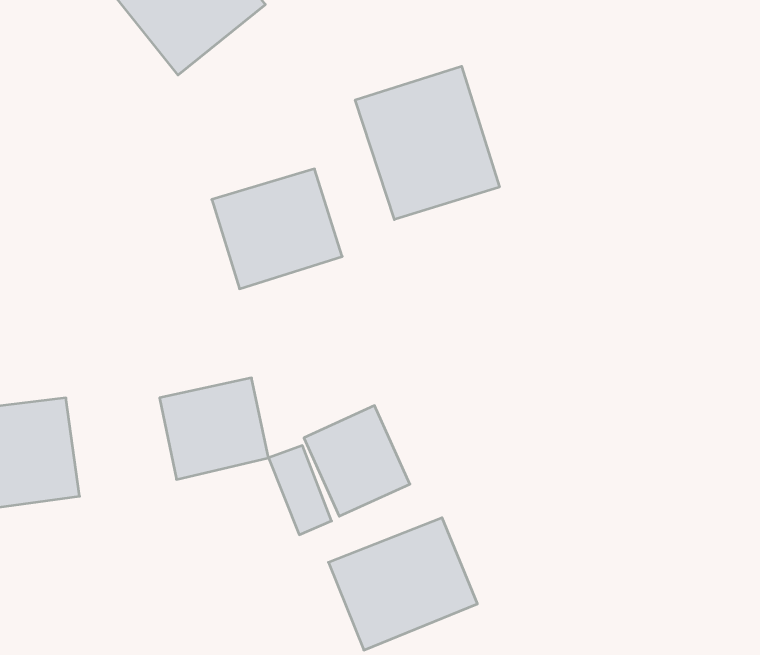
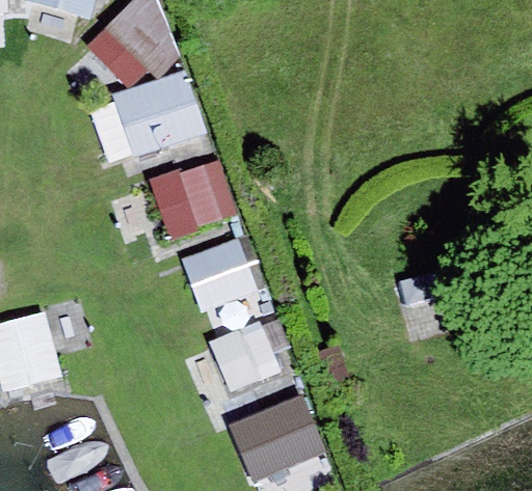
building: none -> [113,70,205,157]
building: [355,66,499,220] -> none
building: [160,378,269,479] -> [183,240,257,308]

